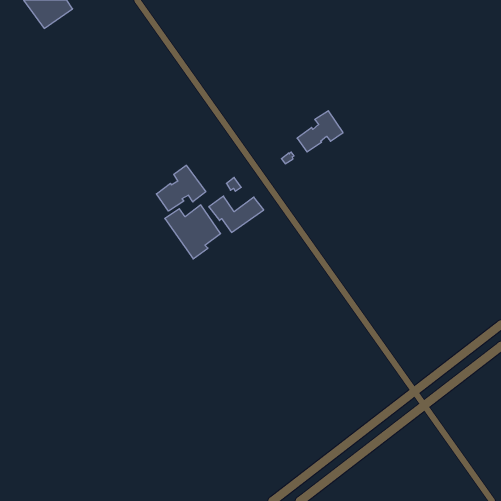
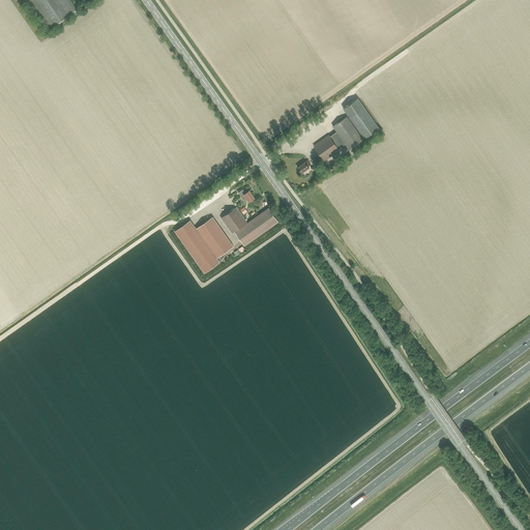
building: none -> [344,98,379,139]
building: [156,165,206,211] -> none

